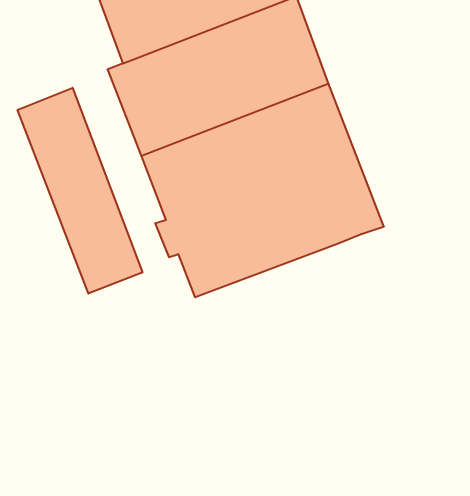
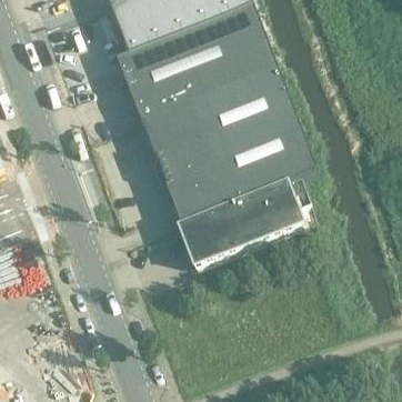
building: [18,88,142,294] -> none
building: none -> [180,175,310,263]

